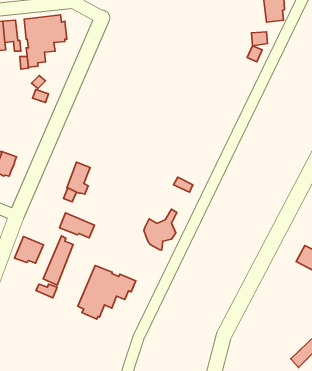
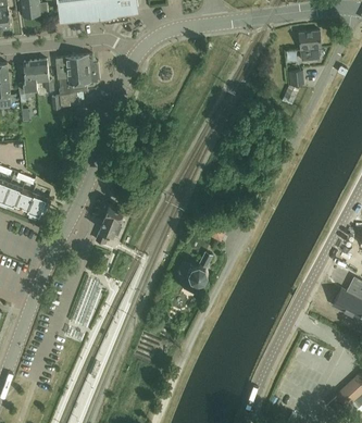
building: [59,213,94,238] -> none
building: [14,236,43,263] -> none
building: [78,265,136,319] -> none

